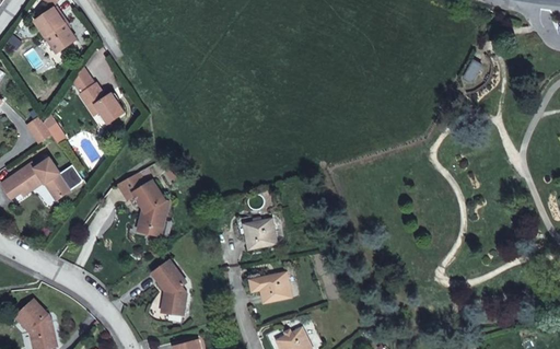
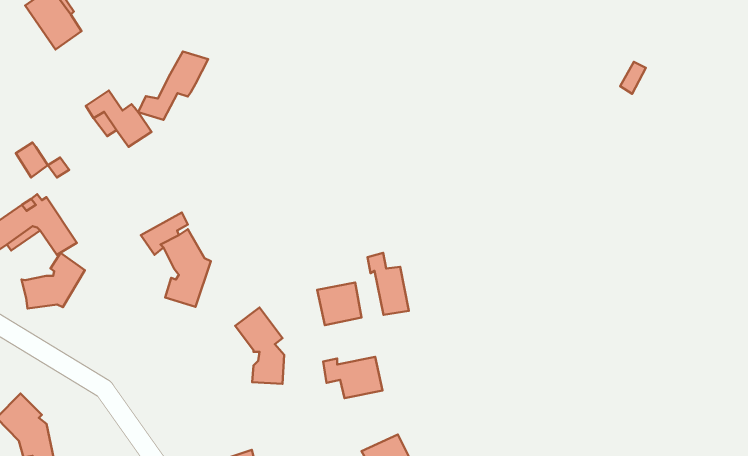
building: none -> [138,51,208,120]
building: none -> [368,253,409,315]
building: none -> [21,253,85,308]
building: [150,260,185,315] -> [235,308,284,384]

